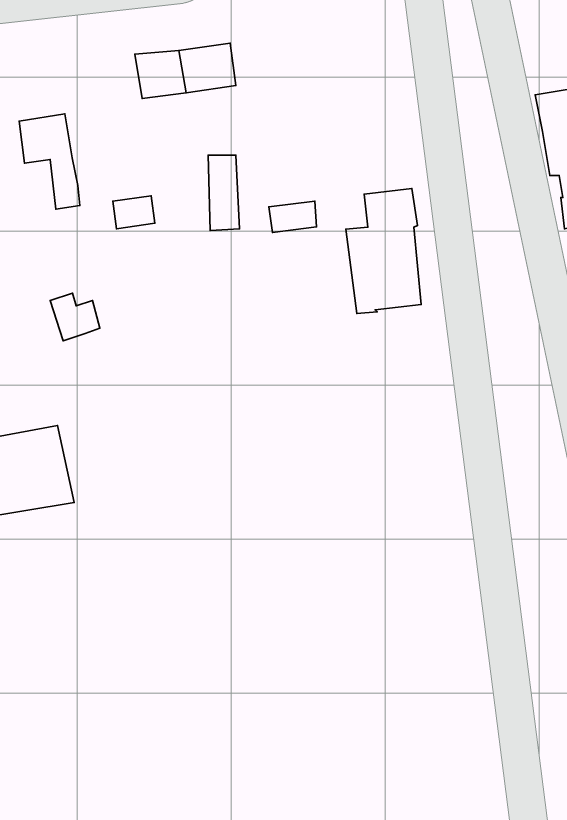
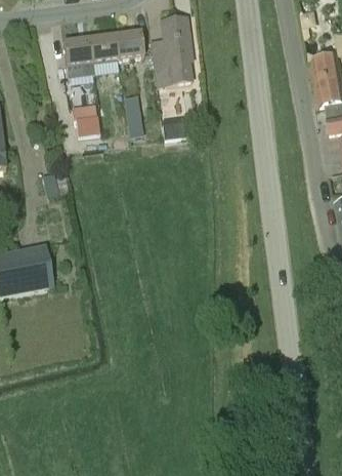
building: [19,114,80,209] -> [61,36,95,89]
building: [346,189,421,314] -> [148,15,190,85]

